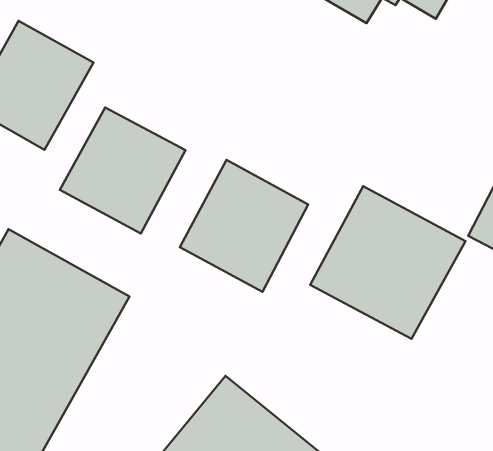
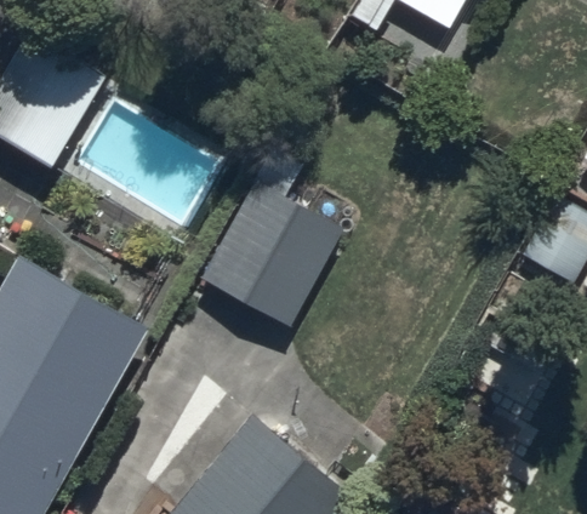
building: [60,108,186,233] -> none
building: [310,186,466,339] -> none

